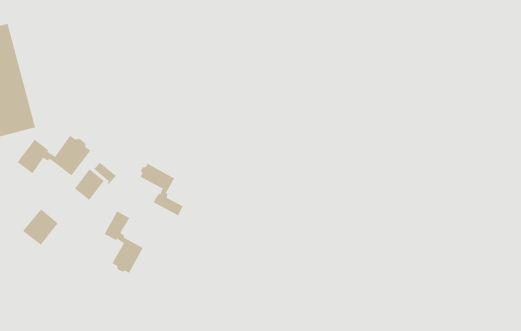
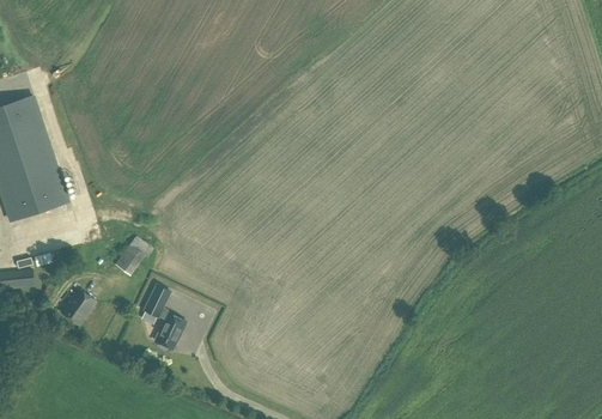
building: [17,135,91,176] -> none
building: [140,163,184,216] -> none

